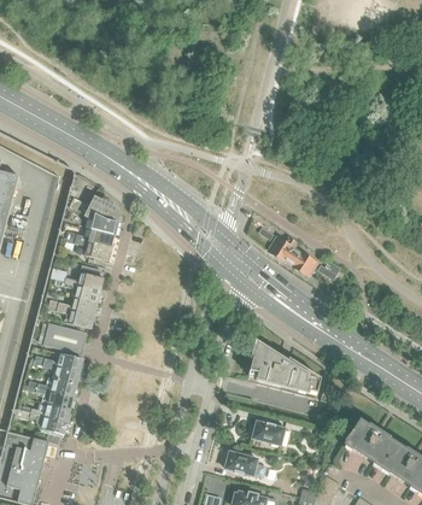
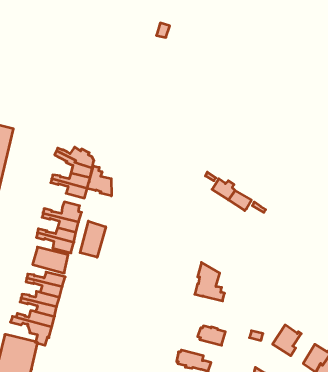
building: none -> [87,166,111,196]
building: none -> [80,221,106,257]
building: [281,358,321,399] -> none
building: [367,430,397,468] -> none

